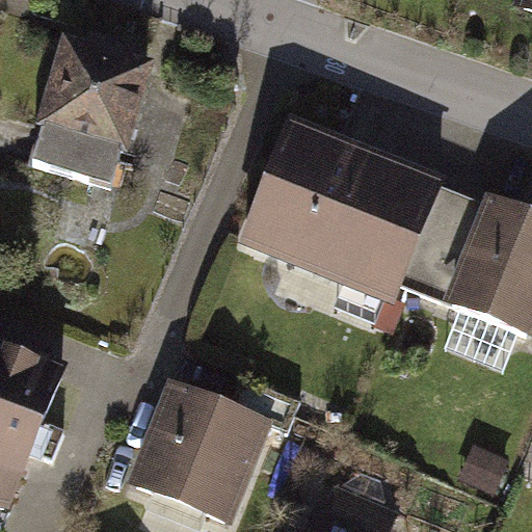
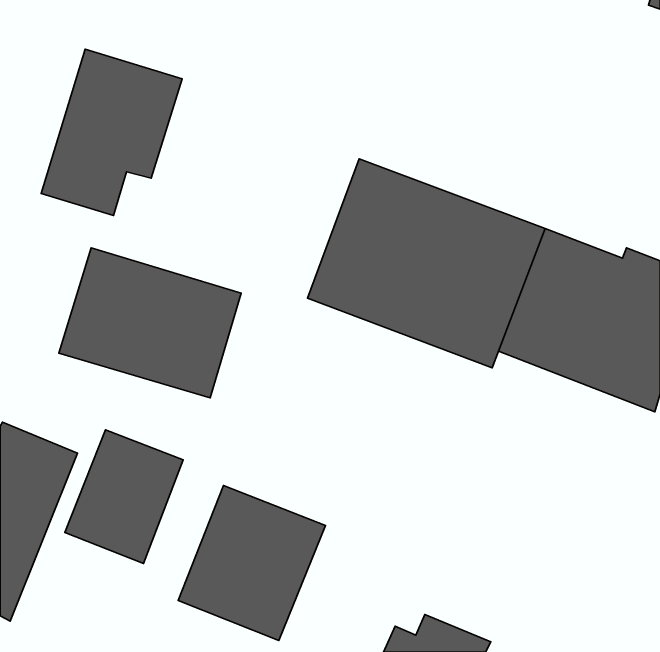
building: none -> [59,248,241,398]
building: none -> [65,430,183,563]

